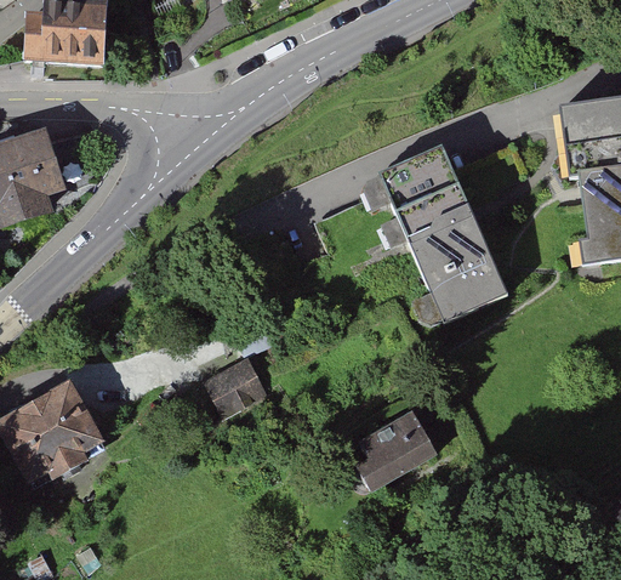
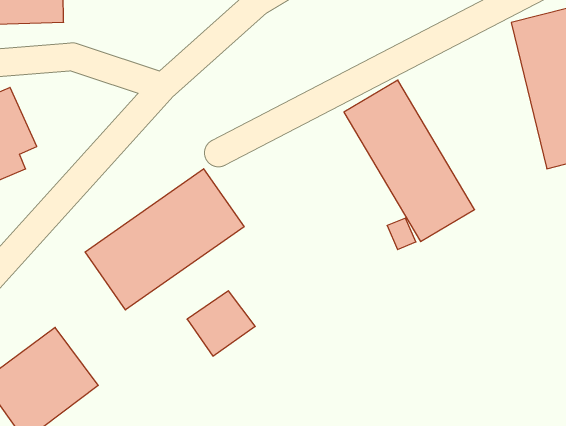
building: none -> [85,169,244,310]
building: [357,406,437,491] -> none

